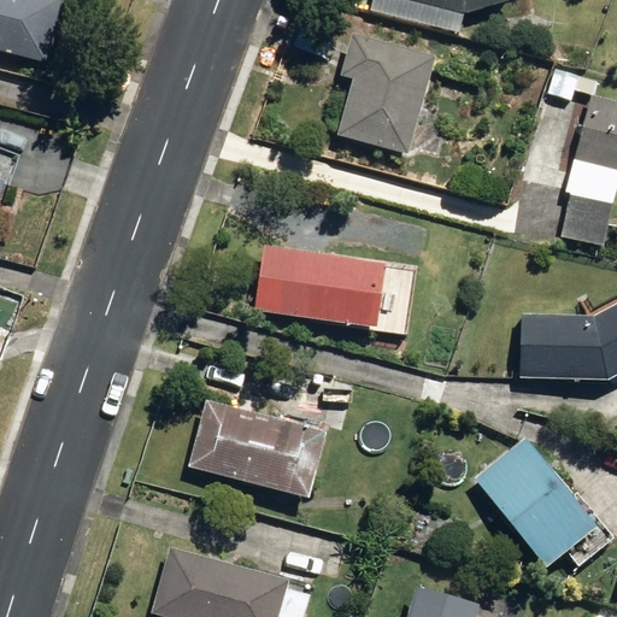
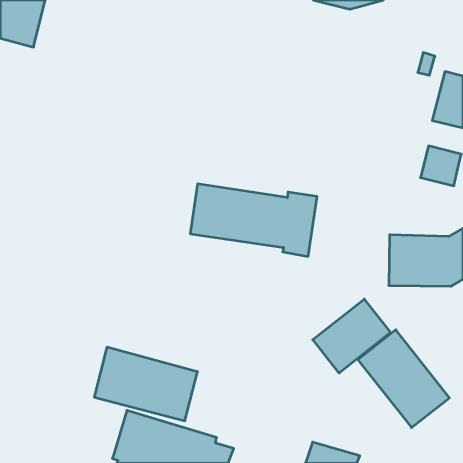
building: [337,34,436,155] -> none
building: none -> [313,299,391,373]
building: [189,400,327,498] -> [94,347,198,421]

